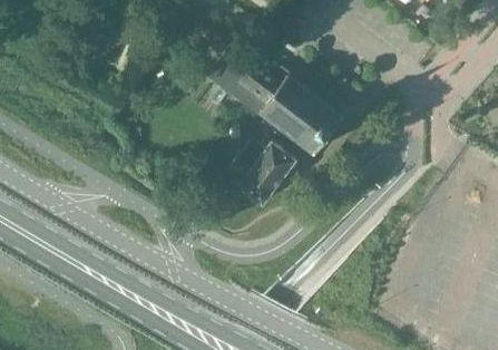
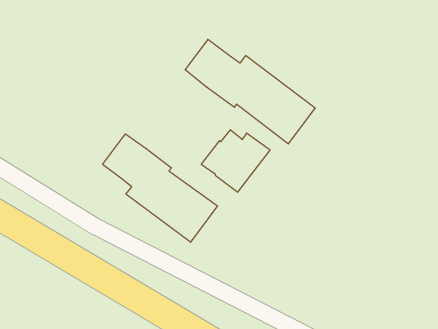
building: none -> [103,134,217,242]

